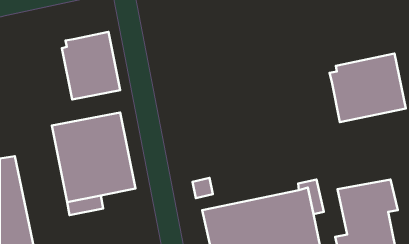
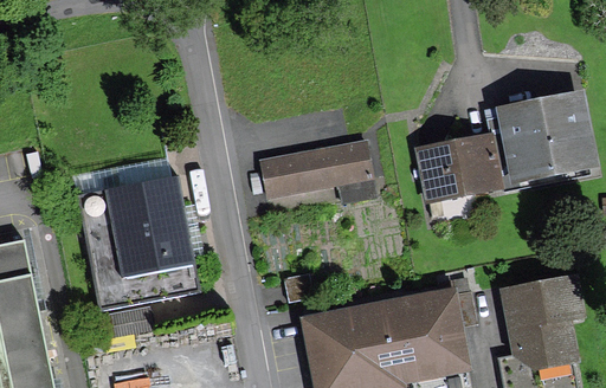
building: [62,32,120,100] -> none
building: none -> [414,130,502,205]
building: none -> [259,136,379,212]

